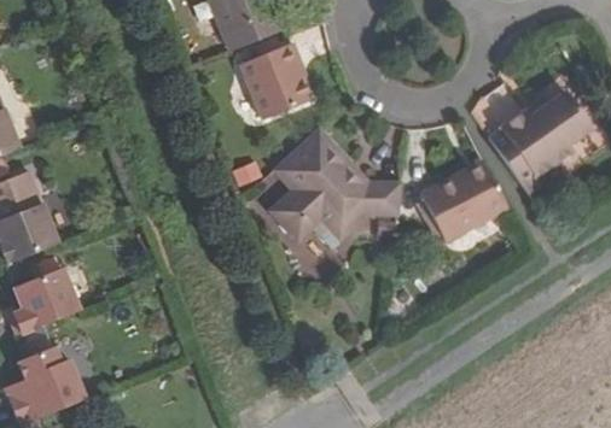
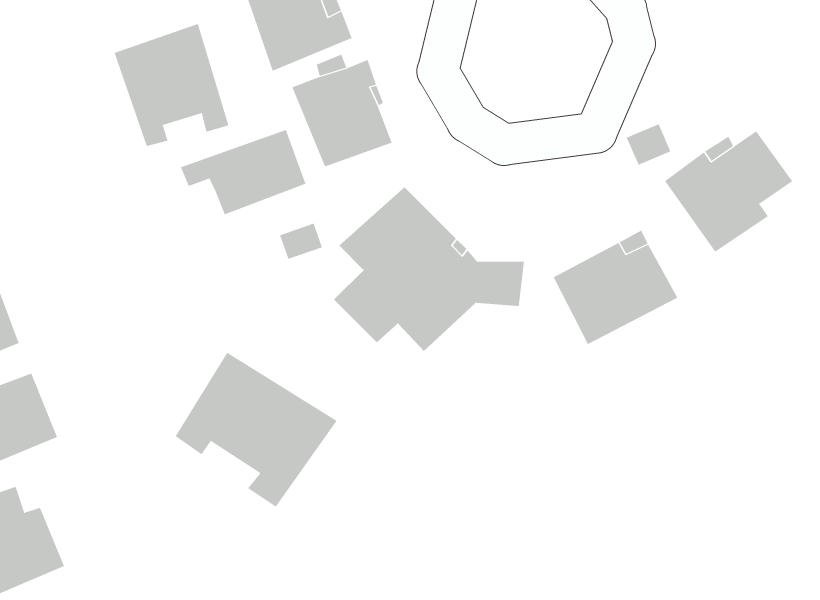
building: none -> [114,23,229,147]
building: none -> [180,129,306,215]
building: none -> [175,352,337,508]

